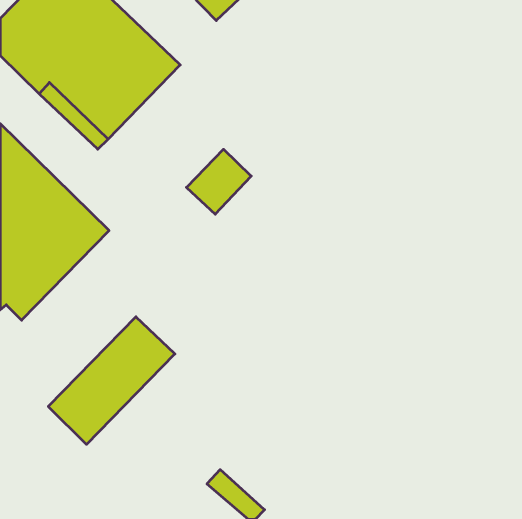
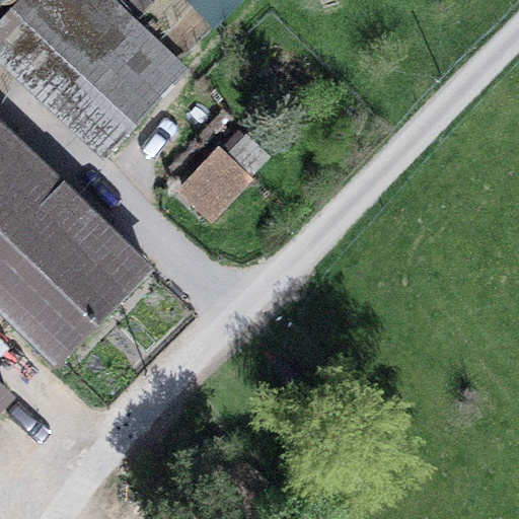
building: [48,317,175,444] -> [25,227,150,353]

